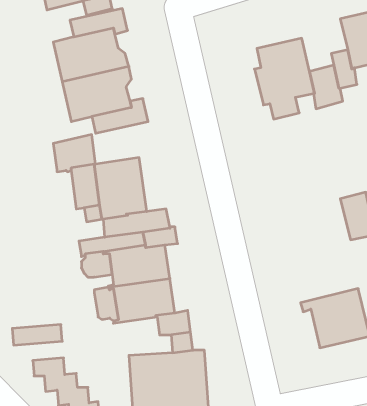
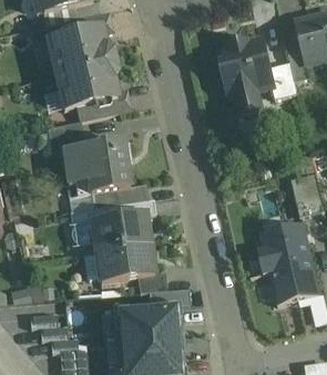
building: none -> [258,222,311,265]

